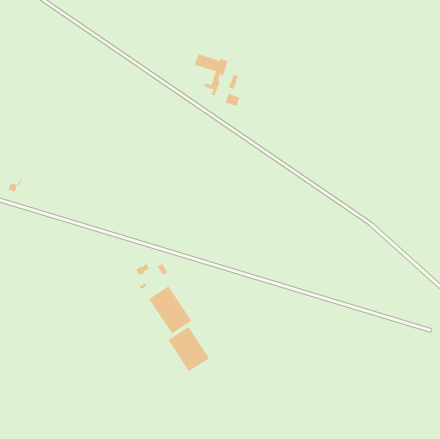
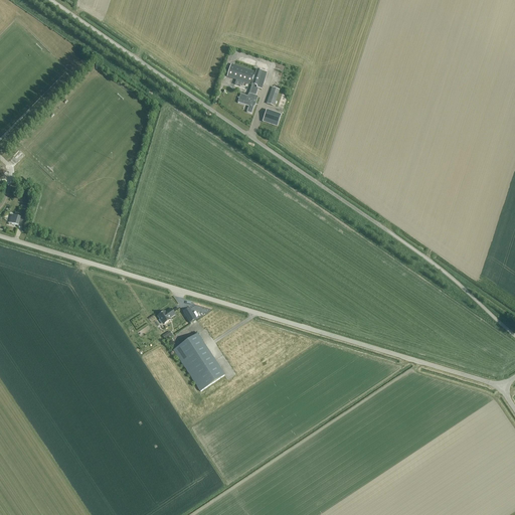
building: [168,326,210,372] -> none

